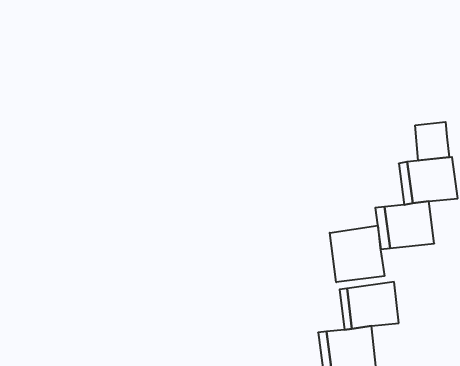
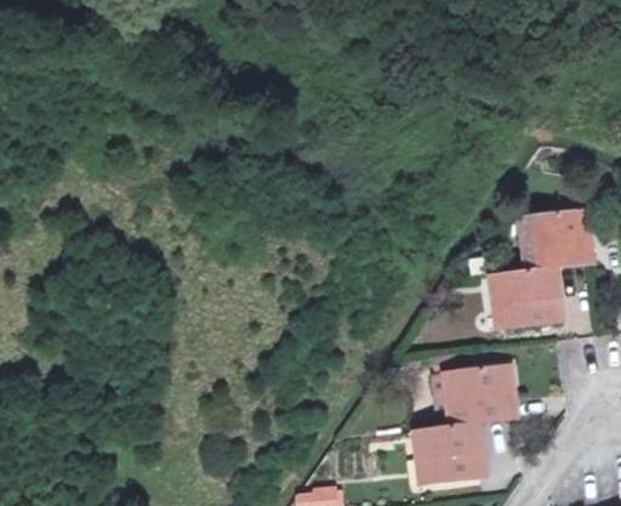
building: [415,122,449,161] -> none
building: [330,226,384,282] -> none

